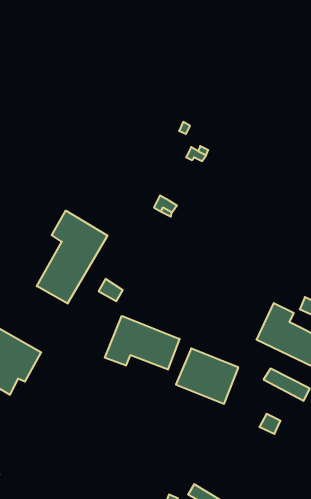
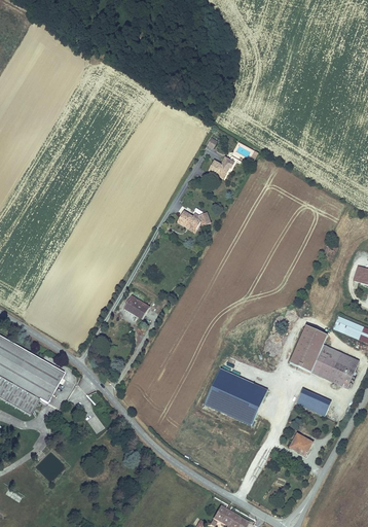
building: [37,211,107,304] -> none
building: [105,316,180,370] -> none

